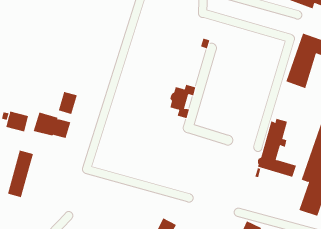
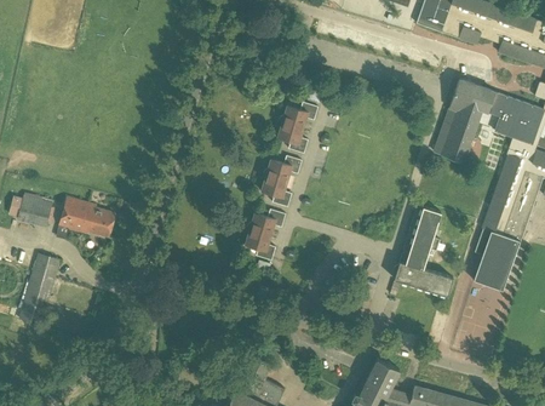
building: none -> [277,102,317,153]
building: [58,91,77,115] -> none
building: none -> [245,208,286,261]

